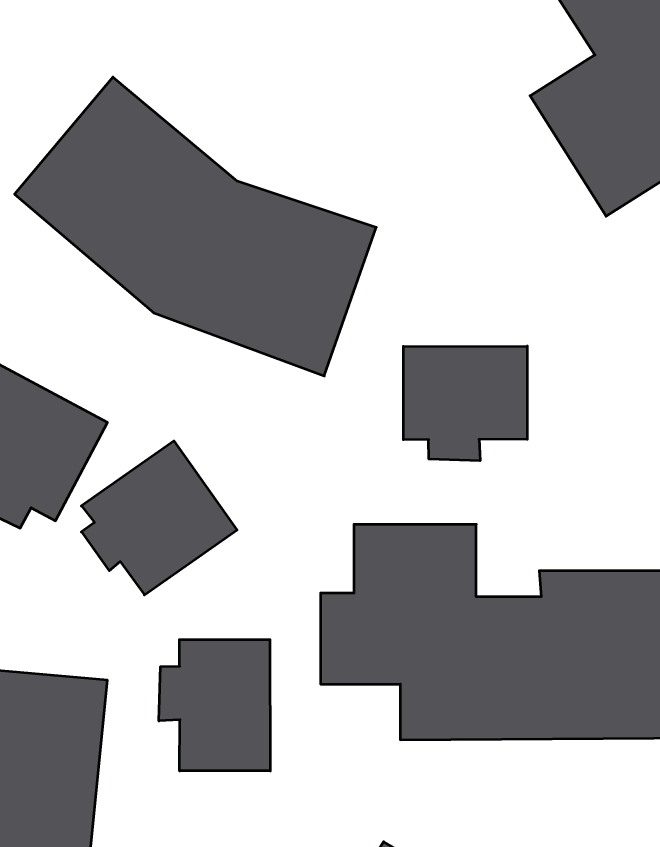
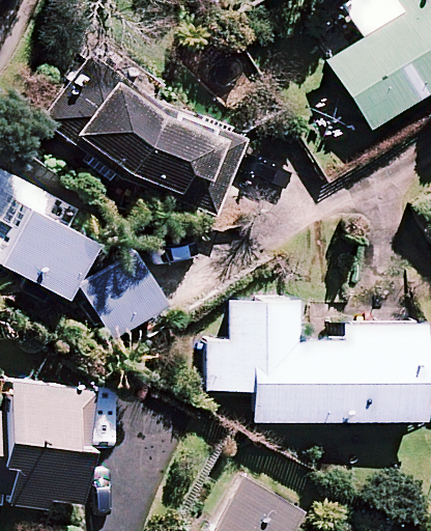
building: [403,346,527,461] -> none
building: [159,640,270,771] -> none

